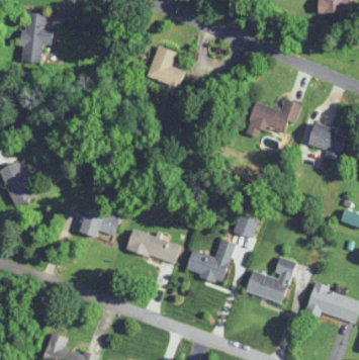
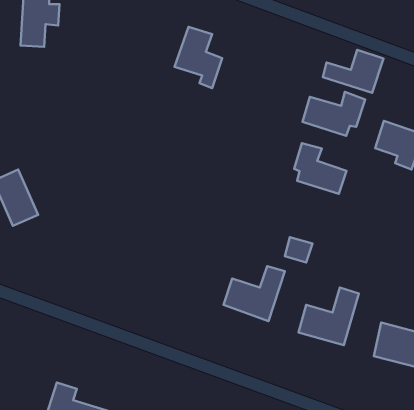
building: none -> [323,50,384,93]
building: none -> [294,143,347,194]
building: [79,207,119,237] -> none
building: [126,230,180,263] -> none

